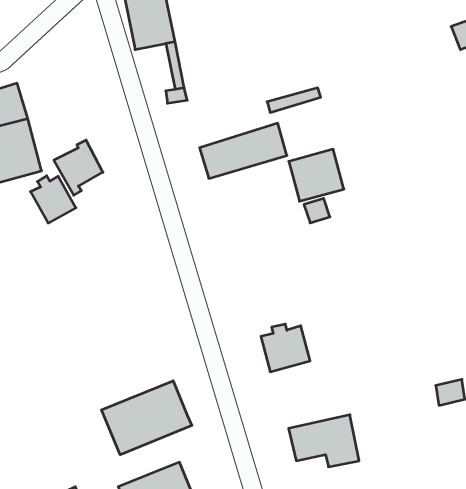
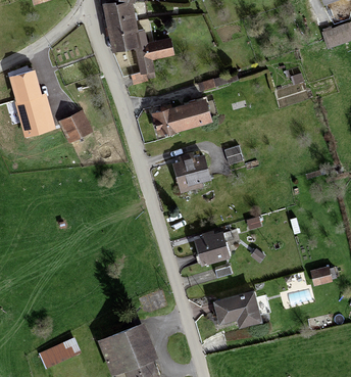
building: none -> [144,39,173,58]
building: [289,149,344,201] -> [174,154,211,189]
building: [30,176,76,223] -> none
building: [101,381,192,455] -> none

